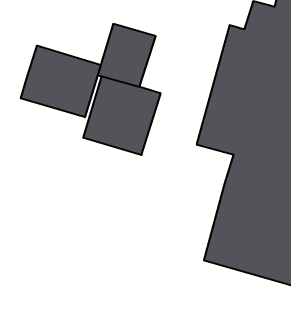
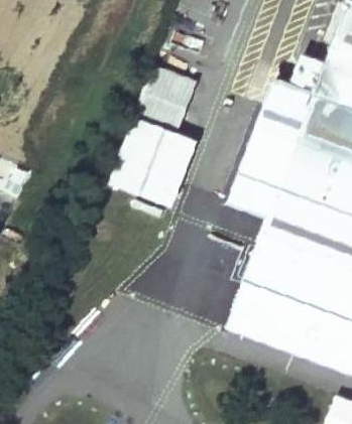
building: [21,46,101,117] -> none

